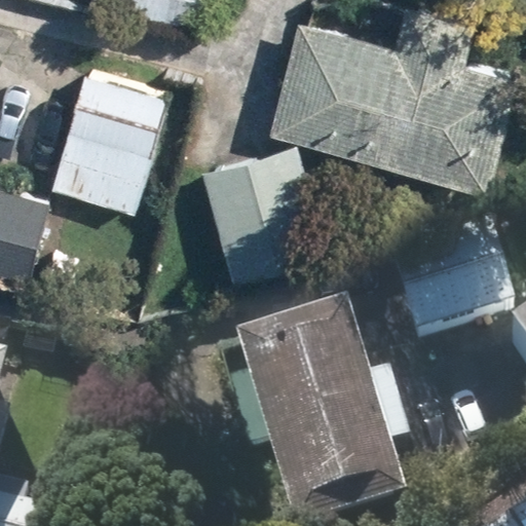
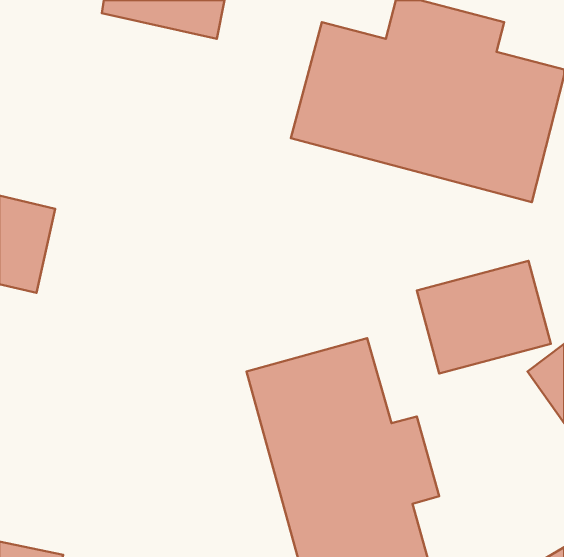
building: [55,81,163,213] -> none
building: [201,144,330,286] -> none

